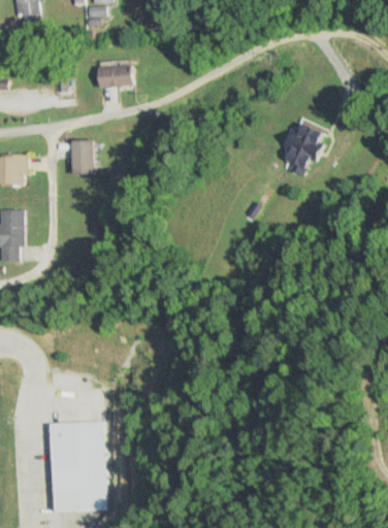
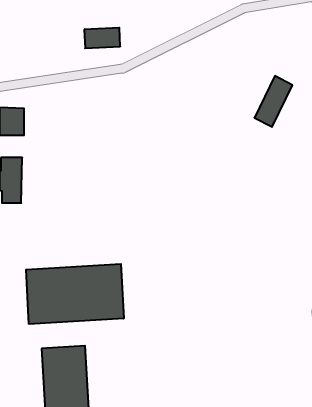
building: [71,140,96,174] -> none
building: none -> [26,264,124,324]

